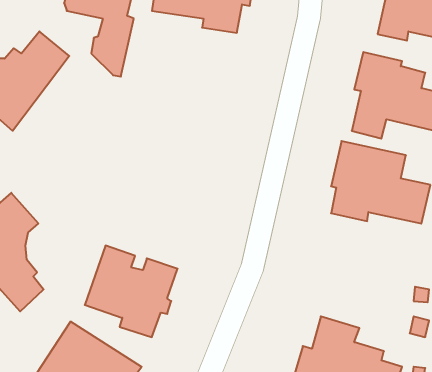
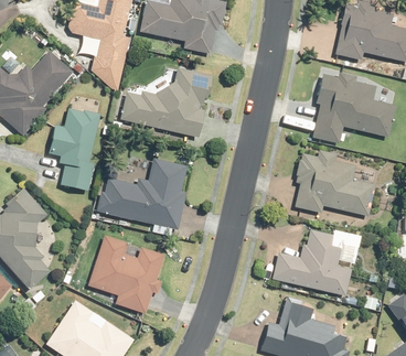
building: none -> [120,65,215,137]
building: none -> [47,109,99,191]
building: none -> [95,155,190,229]
building: none -> [273,225,360,295]

